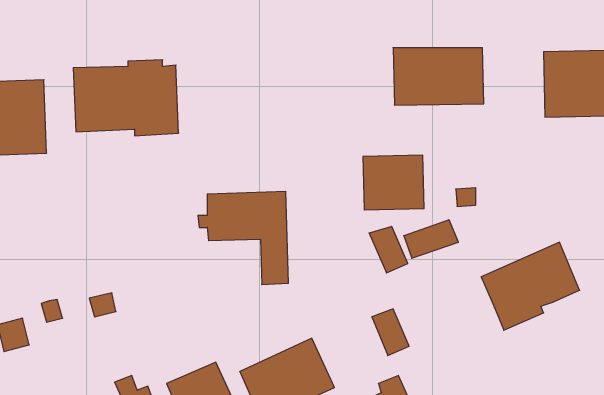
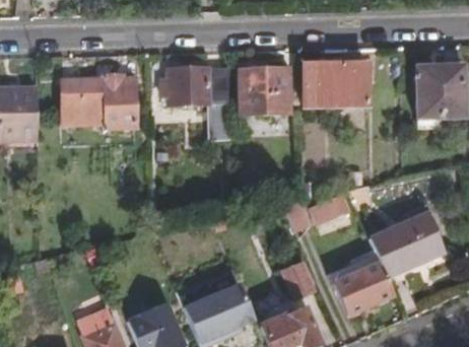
building: [363,155,424,210] -> [240,68,286,110]
building: [198,191,288,285] -> [160,65,229,136]
building: none -> [331,261,393,314]

